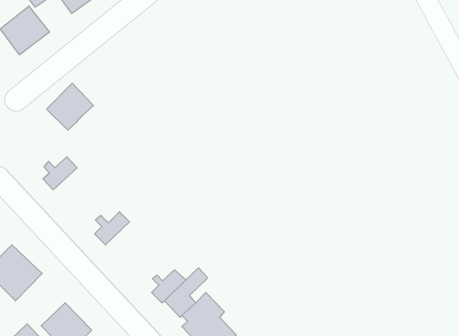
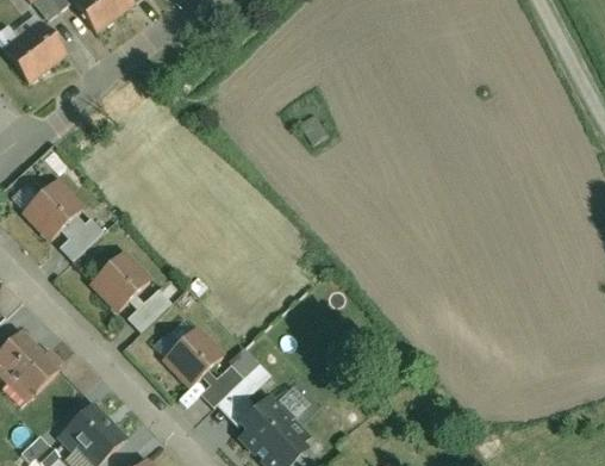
building: [47,83,93,130] -> [21,180,82,241]
building: none -> [88,251,148,311]
building: none -> [163,327,224,387]

